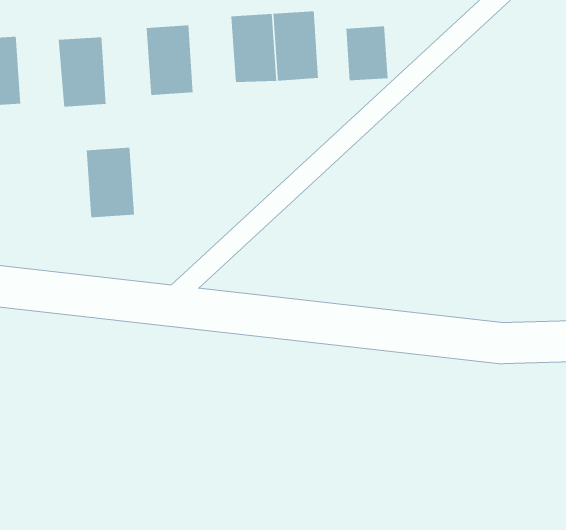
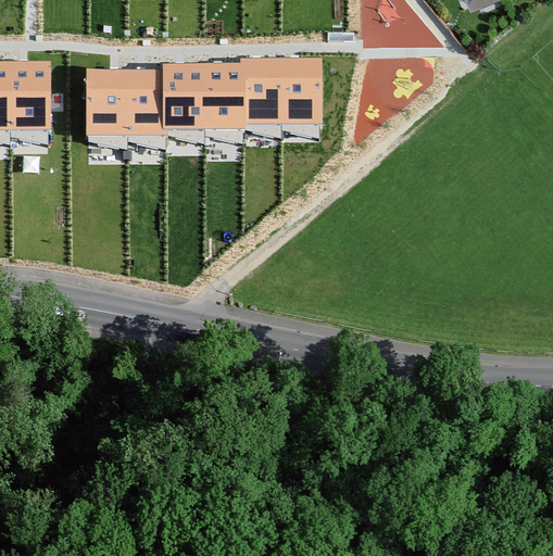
building: none -> [205,65,243,127]
building: [345,26,388,81] -> none
building: [86,147,135,218] -> [126,71,166,132]

